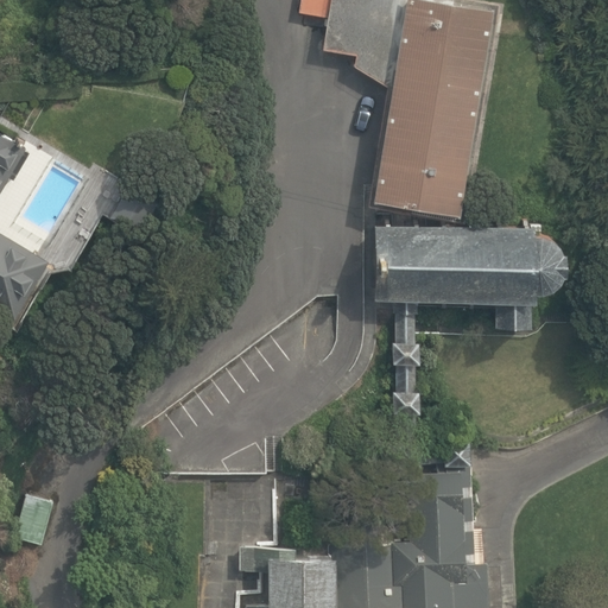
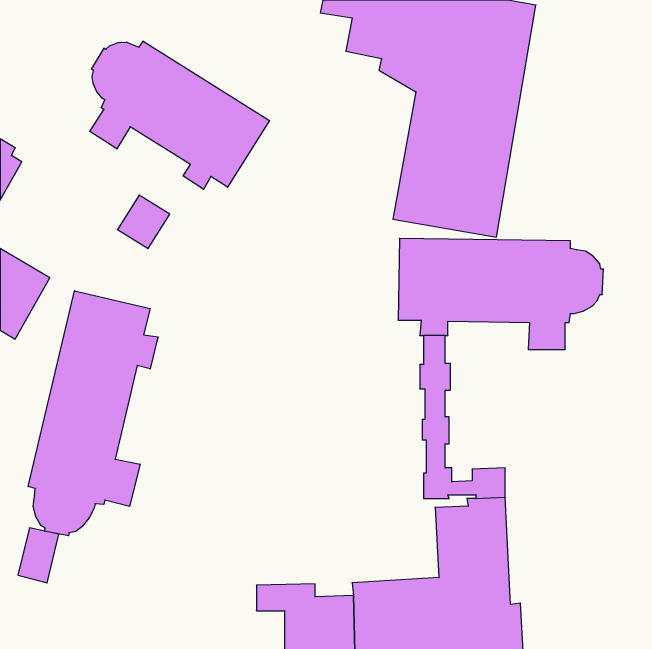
building: none -> [90,41,269,189]
building: none -> [28,291,158,536]

